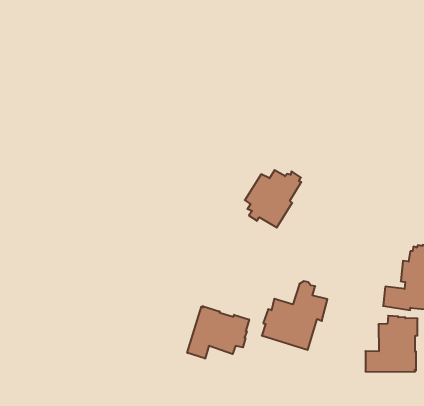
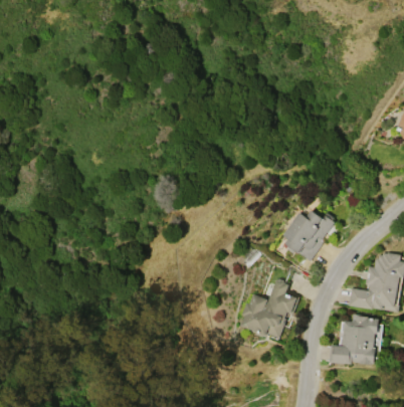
building: [245,170,301,228] -> [282,210,334,261]
building: [187,306,249,359] -> none

